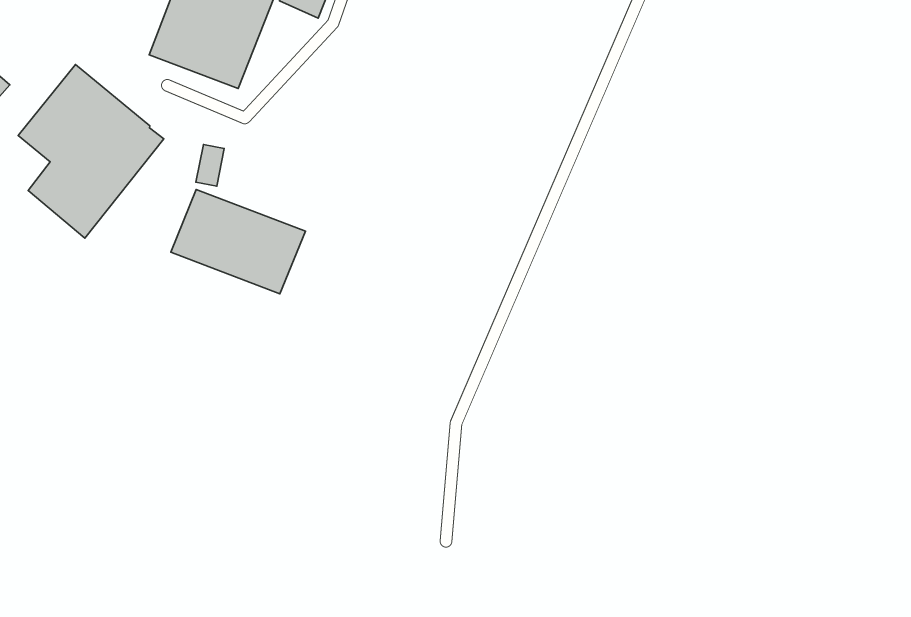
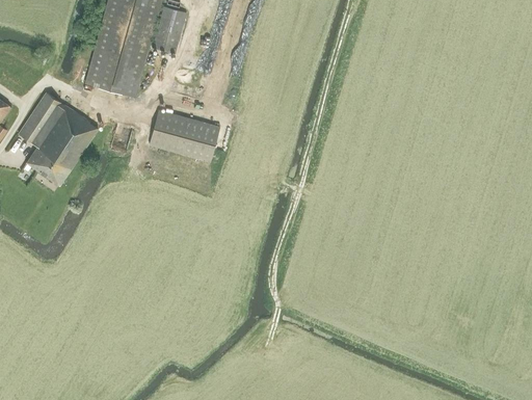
building: [171,189,305,294] -> [149,110,220,162]

